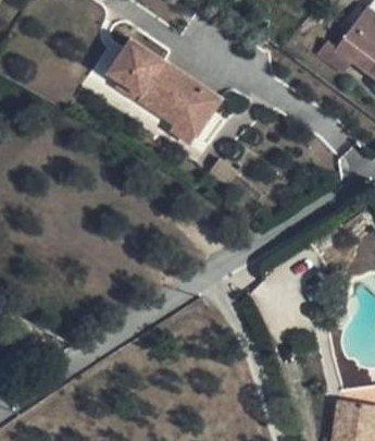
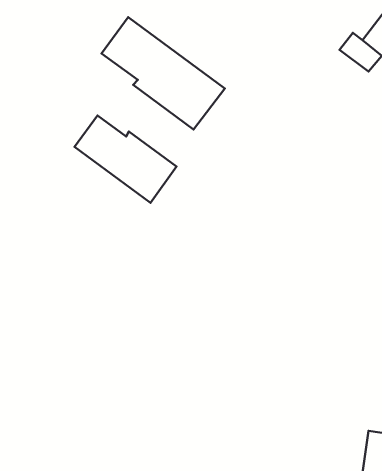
building: none -> [74,115,177,203]

